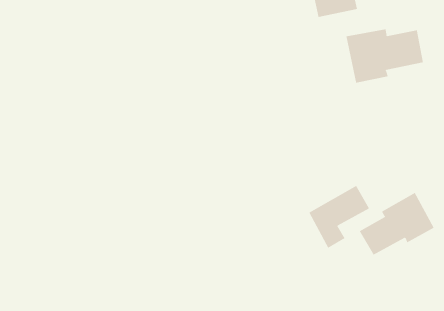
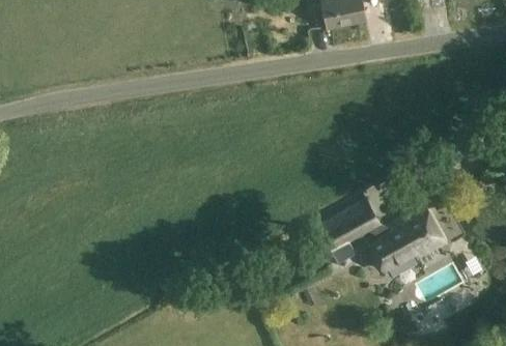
building: [346,28,424,84] -> none

